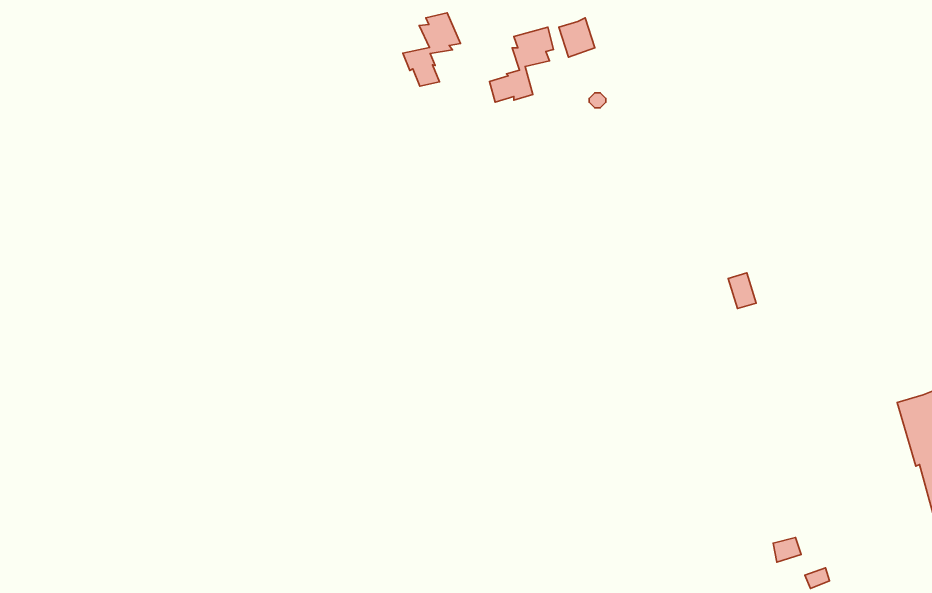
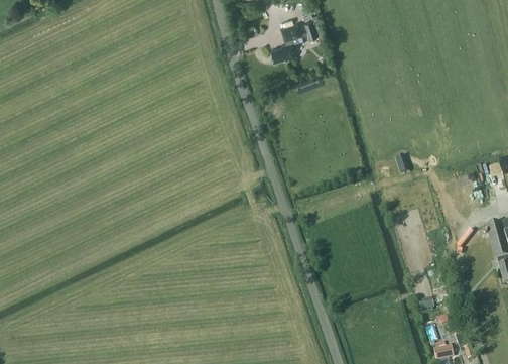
building: [403,13,460,86] -> none

